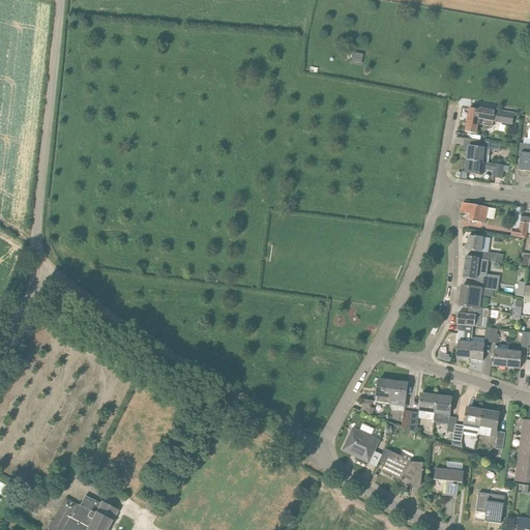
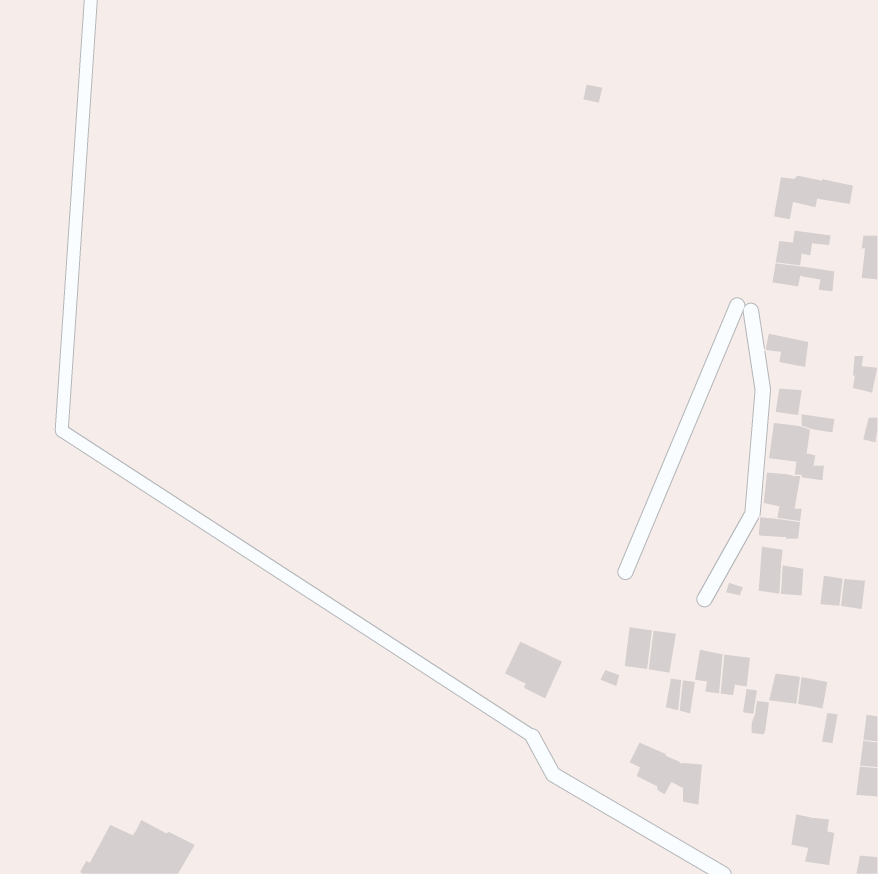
building: [344,426,379,462] -> [504,641,563,699]
building: [434,467,464,495] -> none

